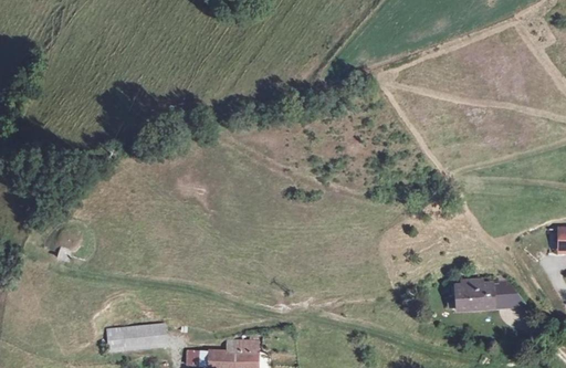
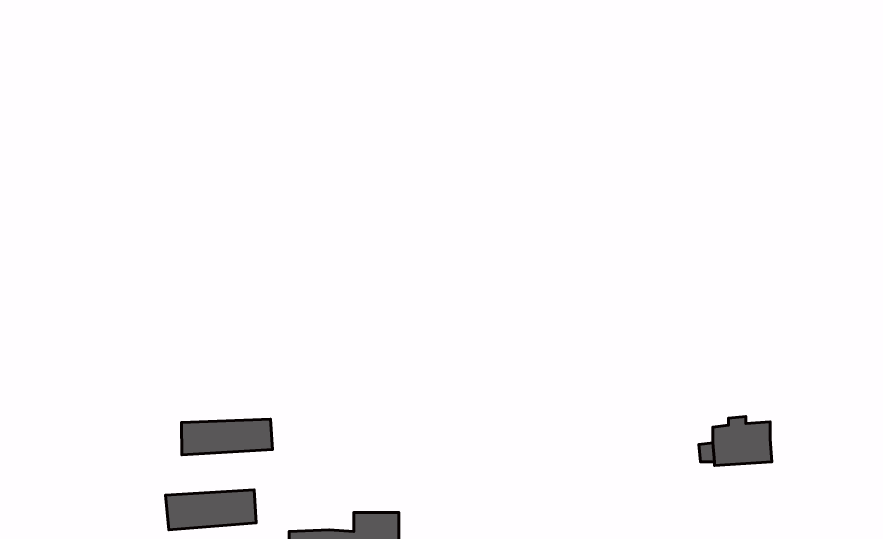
building: none -> [181,419,273,455]
building: [497,281,526,306] -> none

